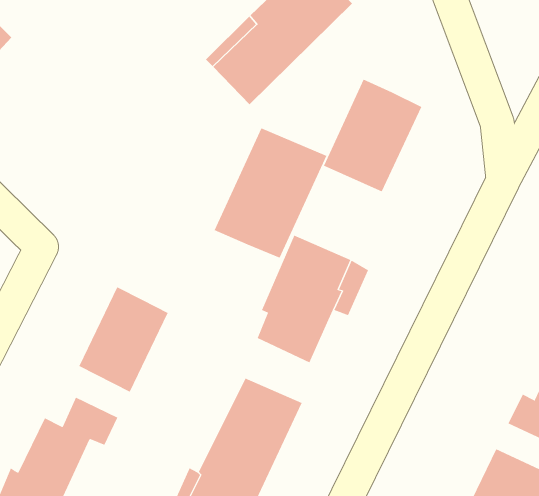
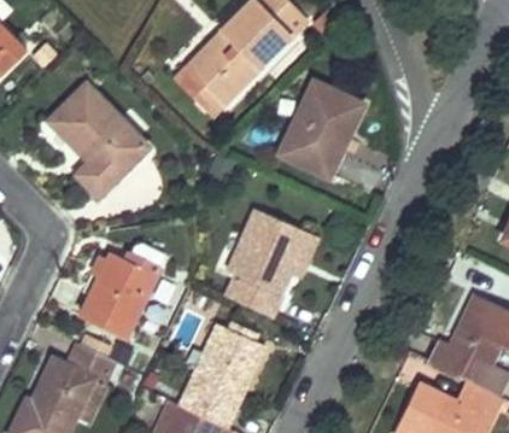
building: none -> [49,83,144,193]
building: [214,127,327,259] -> none

